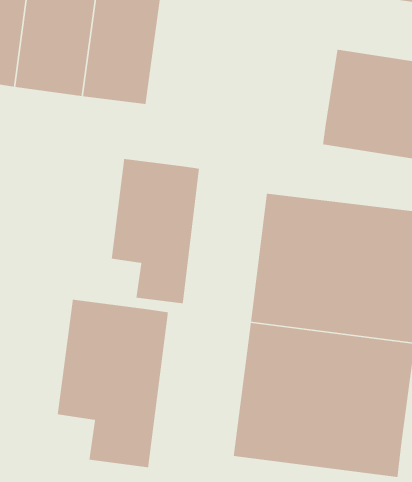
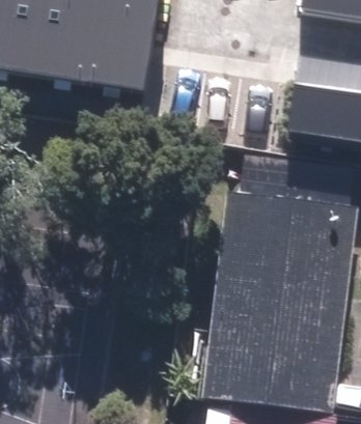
building: [111,158,200,304] -> none
building: [57,299,169,468] -> none

